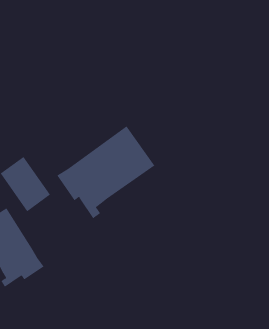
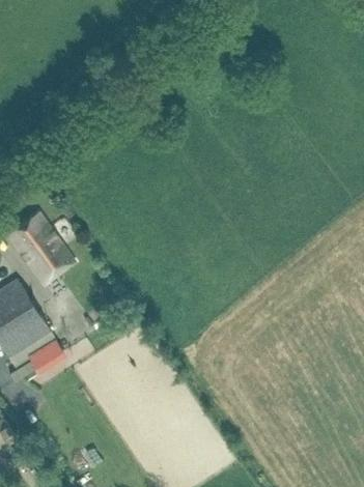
building: [57,126,155,219] -> none

